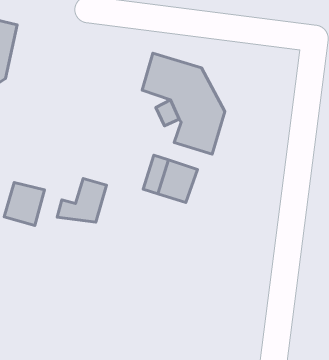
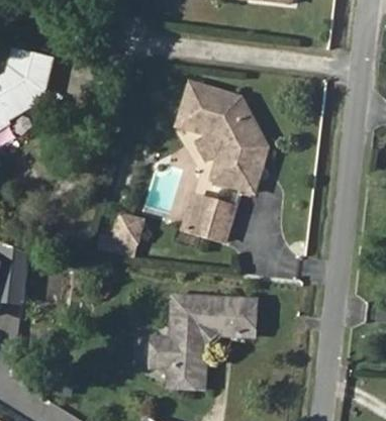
building: [4,183,45,226] -> none
building: none -> [152,292,254,385]

